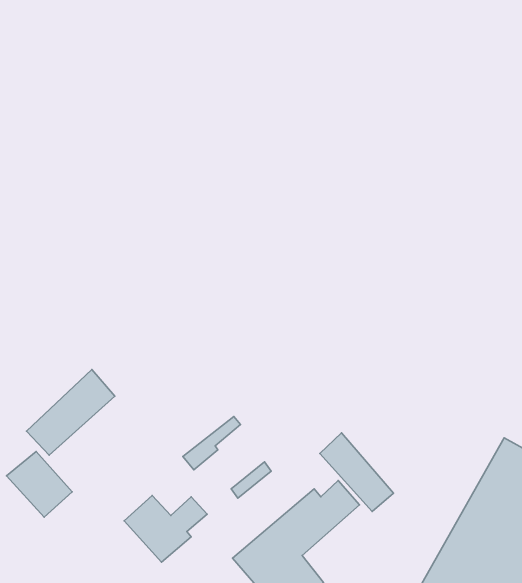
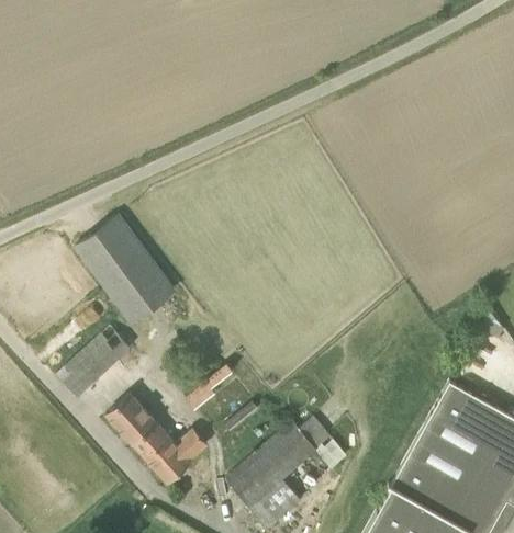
building: none -> [77,217,171,322]
building: [320,433,393,511] -> none
building: [7,452,72,517] -> [107,396,160,450]

